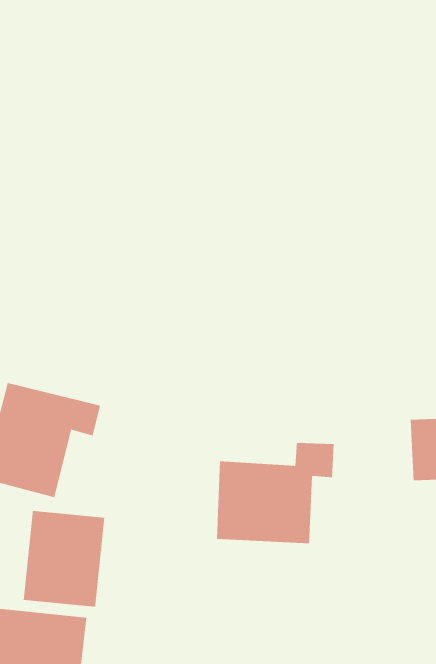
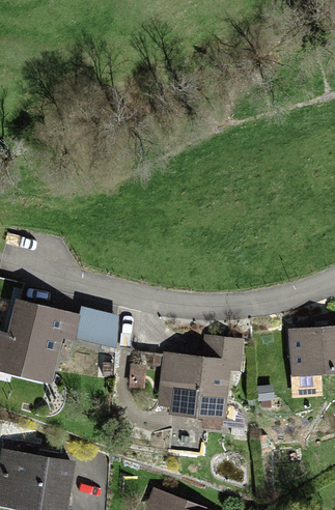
building: none -> [76,311,117,348]
building: [23,510,105,608] -> none

